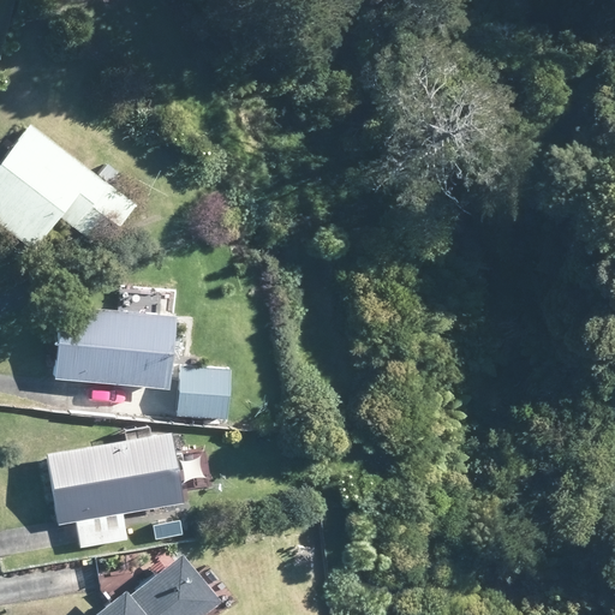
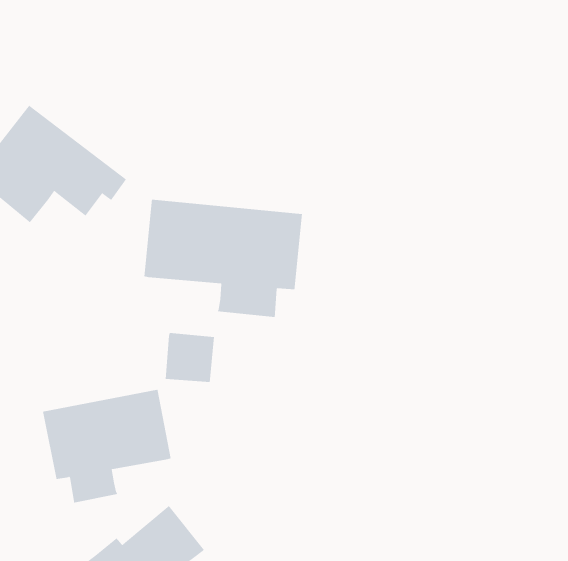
building: none -> [144,199,302,318]
building: [54,306,174,390] -> none

